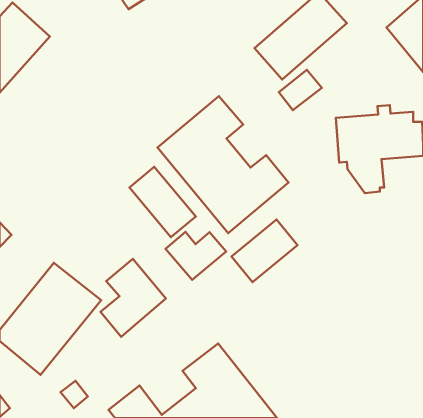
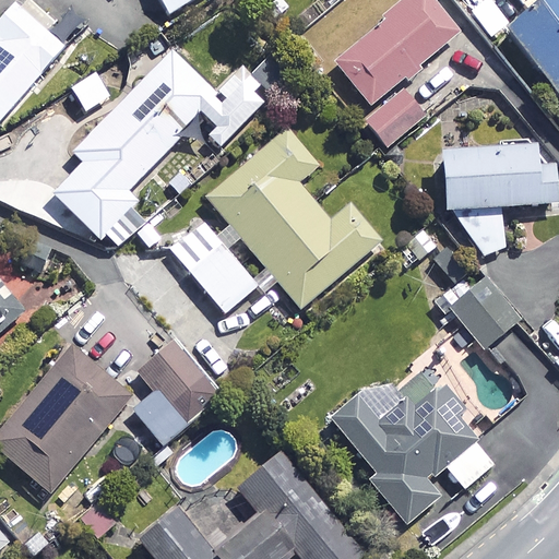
building: none -> [55,48,273,238]
building: none -> [438,275,519,350]
building: [231,219,298,282] -> none
building: [165,232,226,280] -> none
building: none -> [330,386,495,527]

